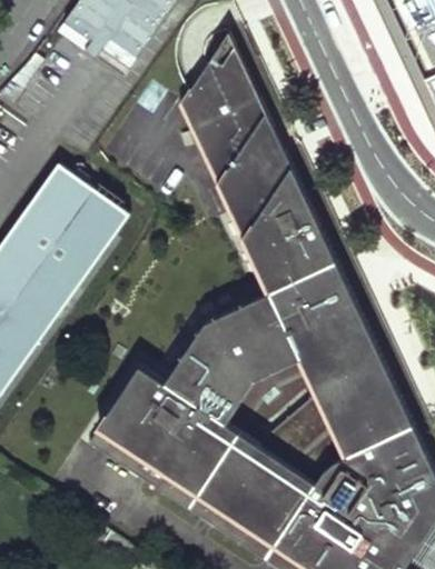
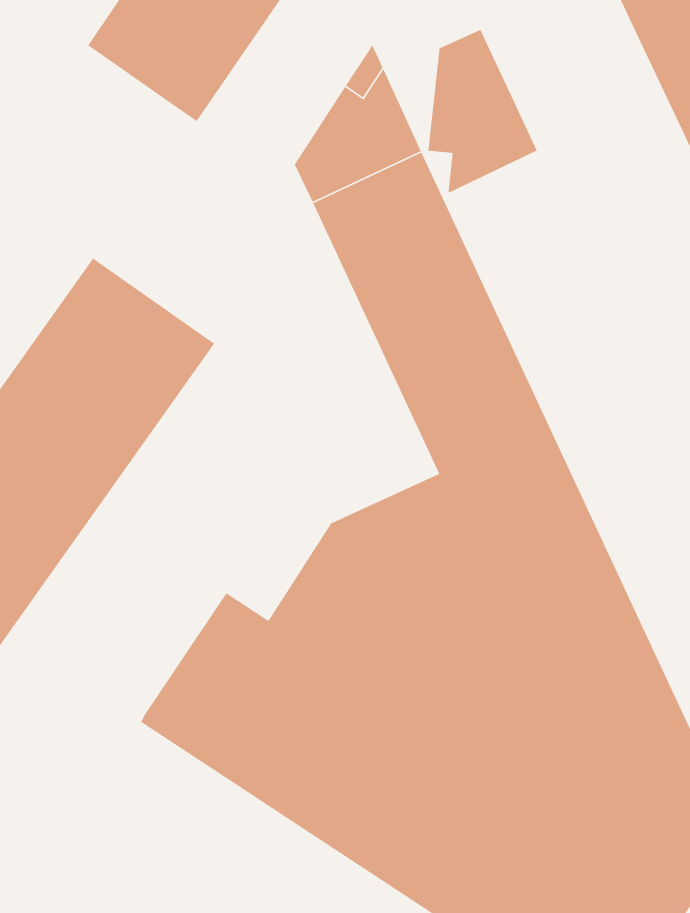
building: none -> [428,29,538,194]

